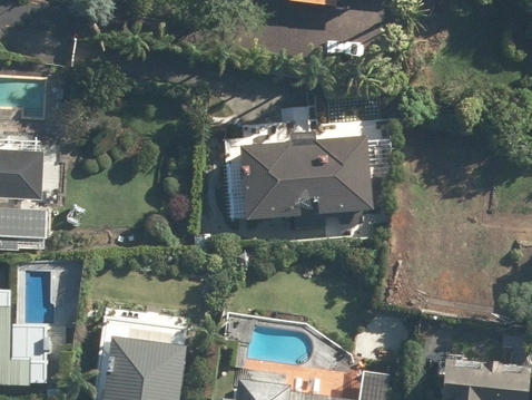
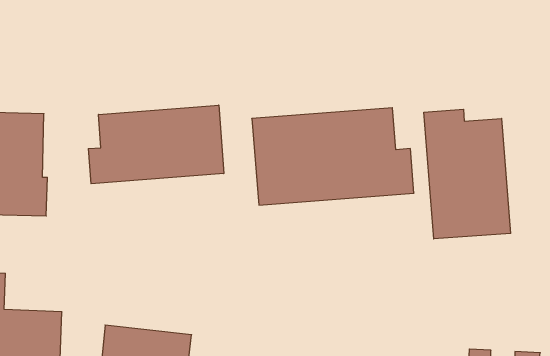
building: none -> [88,105,224,184]
building: none -> [424,109,511,239]

